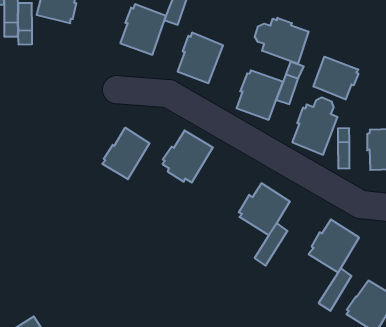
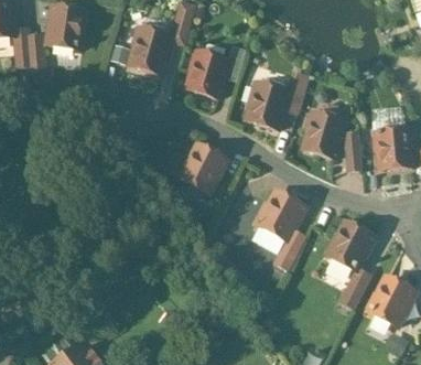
building: [255,18,309,64] -> none
building: [313,57,358,100] -> none
building: [102,128,149,179] -> none

